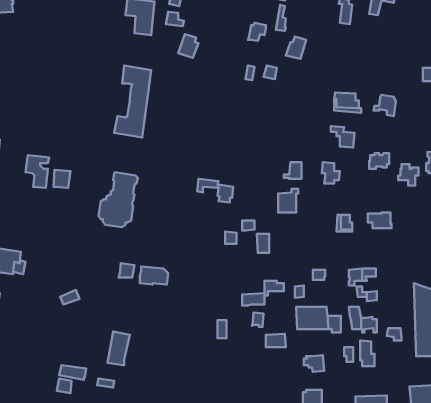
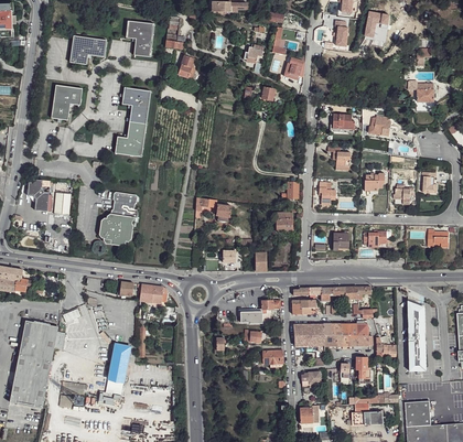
building: none -> [68,36,106,65]
building: none -> [51,85,82,120]
building: none -> [9,321,57,409]

